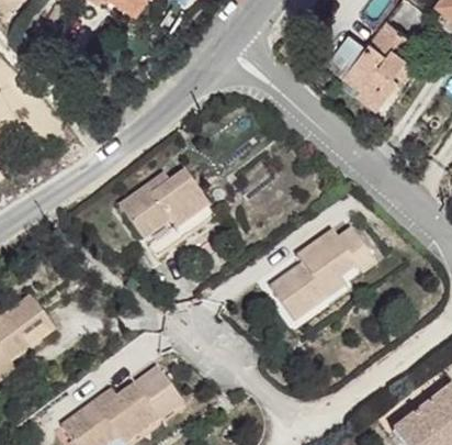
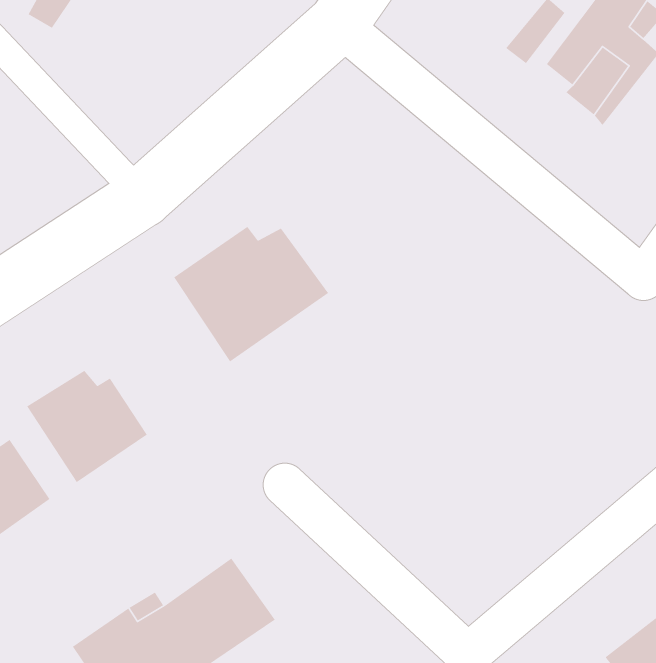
building: [279,223,383,312] -> none
building: none -> [26,370,148,483]

